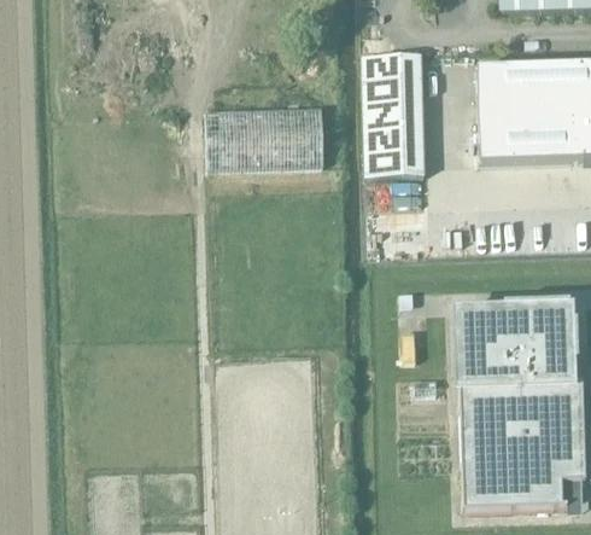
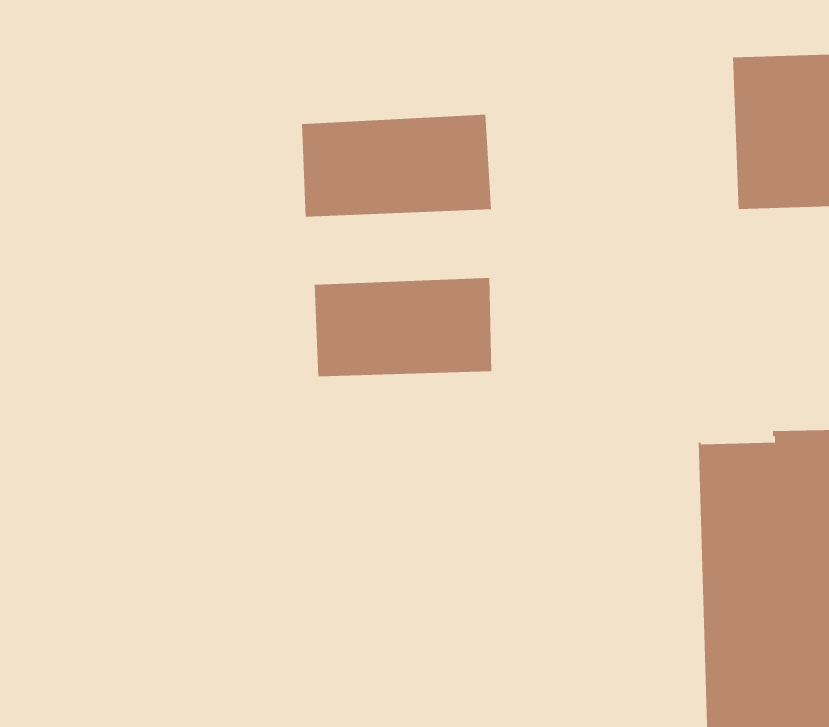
building: [363,54,425,175] -> none
building: none -> [314,277,492,377]

